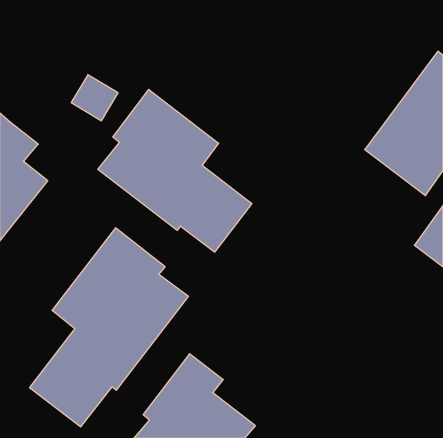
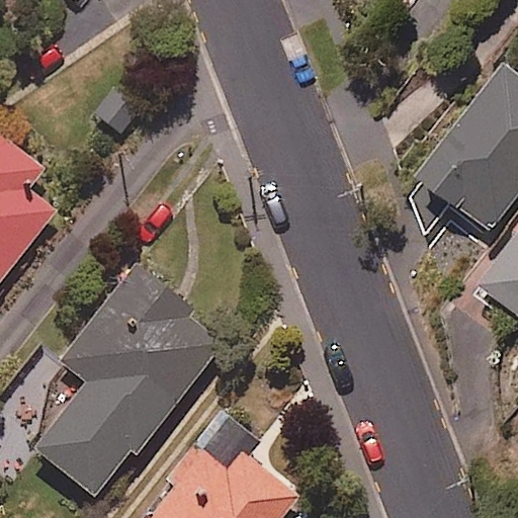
building: [98,89,252,252] -> none

